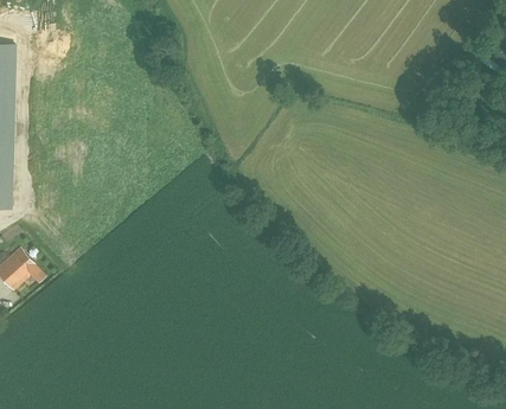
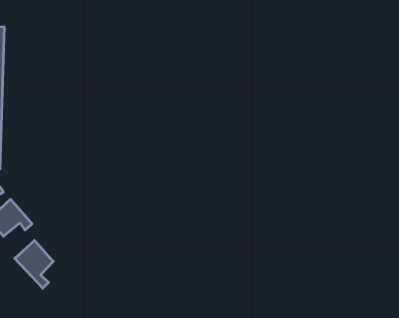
building: none -> [15,240,53,288]

